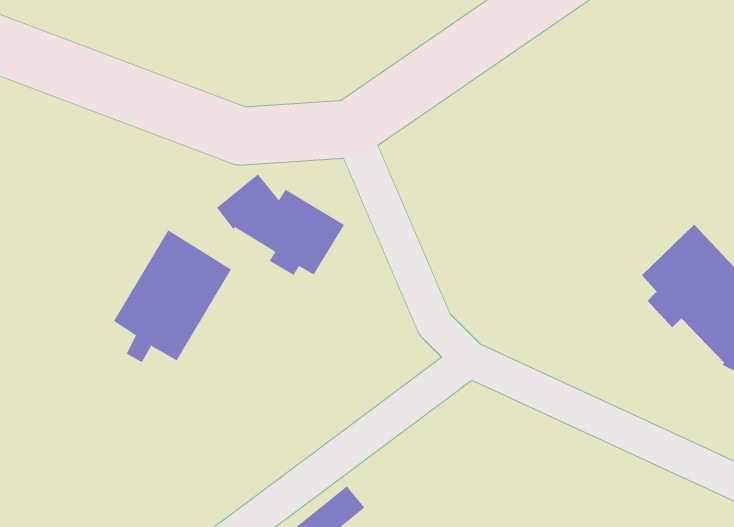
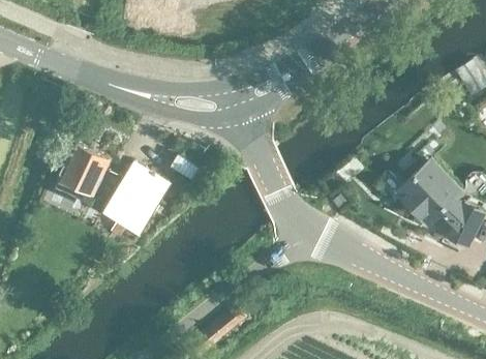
building: [216,173,345,276] -> none
building: none -> [52,143,110,205]

